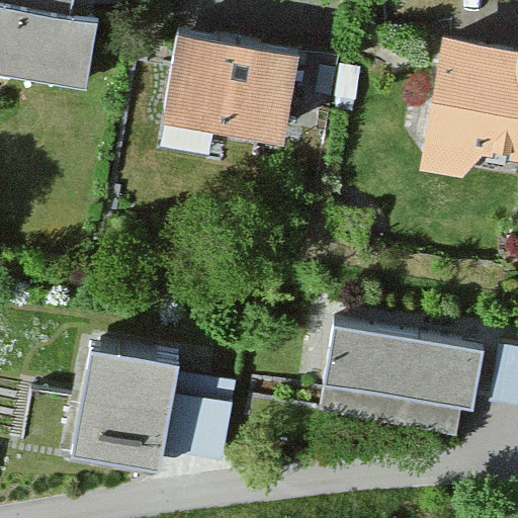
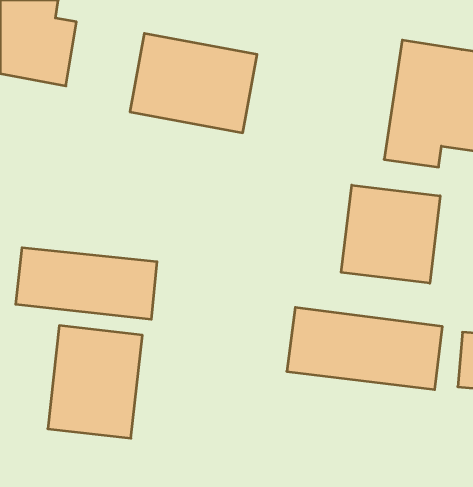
building: none -> [341,185,440,283]
building: none -> [16,248,157,319]

